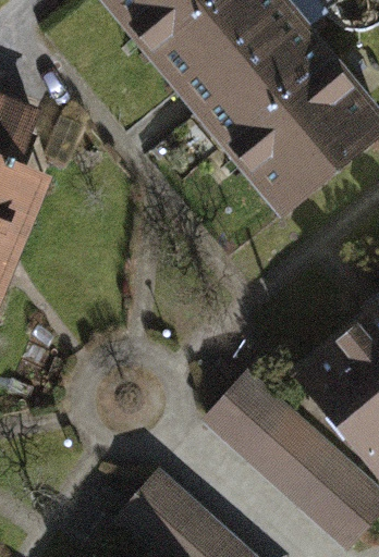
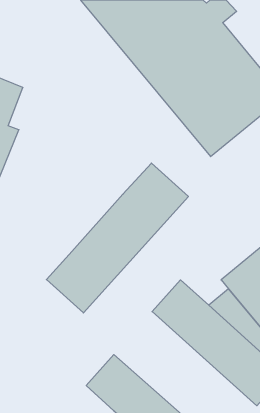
building: none -> [46,163,188,313]

